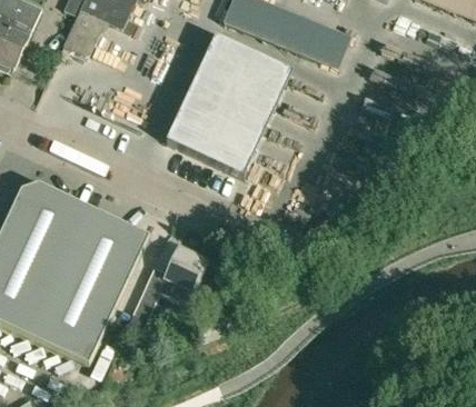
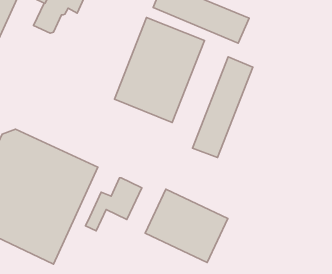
building: none -> [192,57,253,158]
building: none -> [145,189,228,263]

